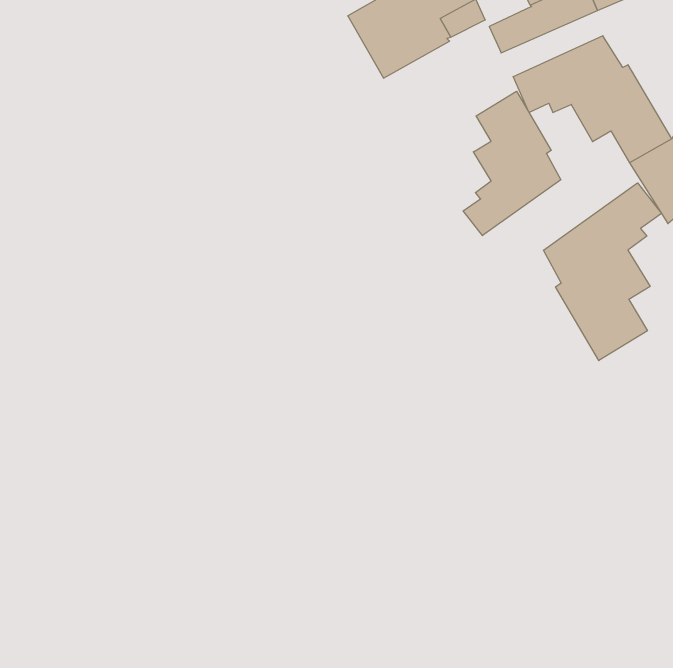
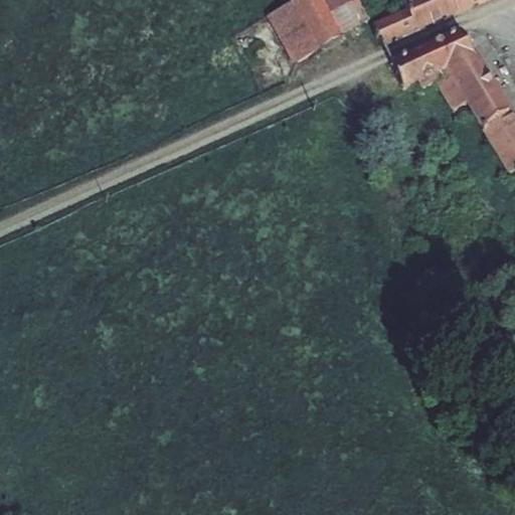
building: [463,91,561,236] -> none
building: [543,183,661,361] -> none

